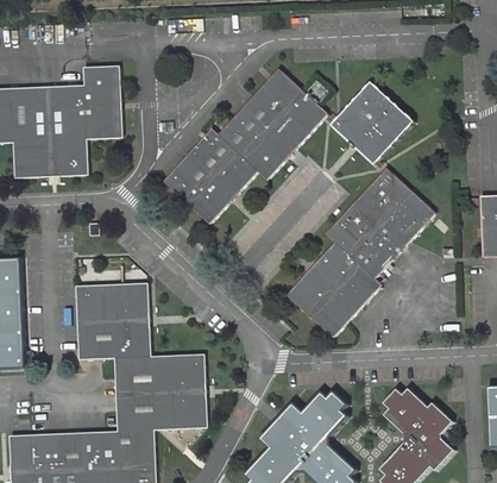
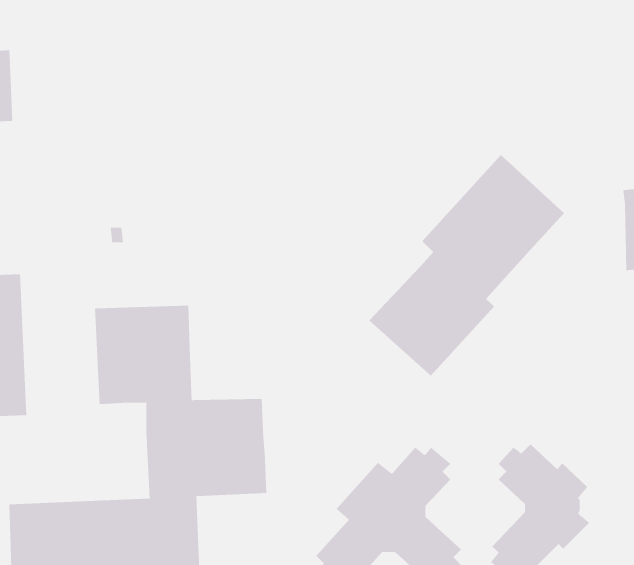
building: [11,65,121,177] -> none
building: [161,68,326,224] -> none
building: [331,82,414,164] -> none

